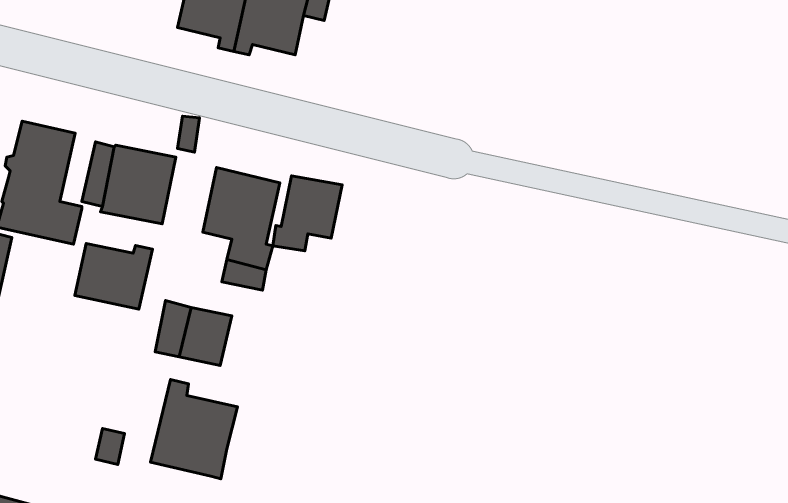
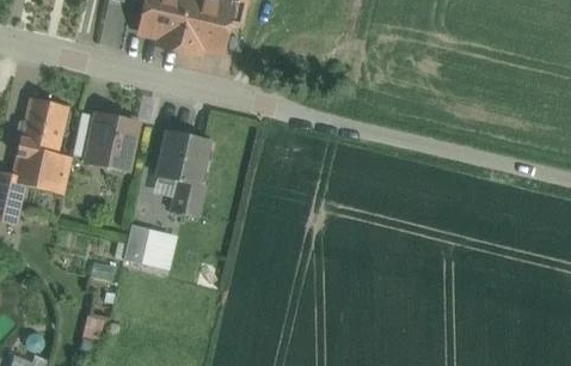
building: [273,176,342,251] -> none
building: [75,243,153,309] -> none
building: [150,380,237,479] -> none

